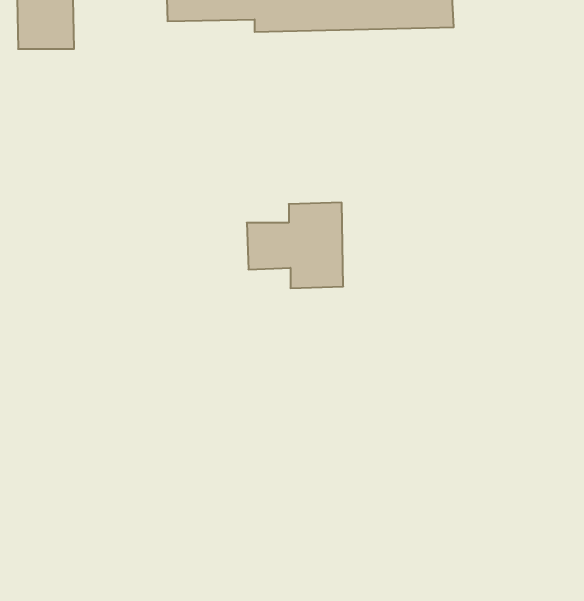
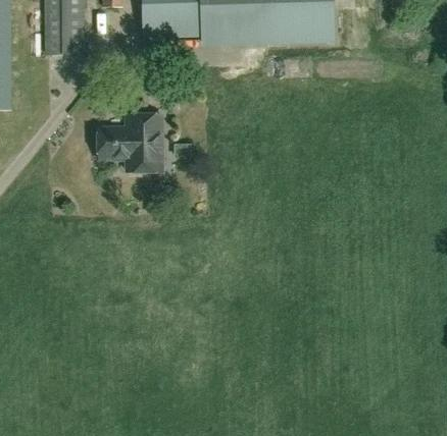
building: [247,203,343,288] -> [98,117,161,173]

